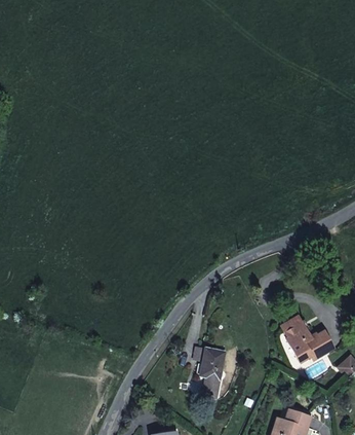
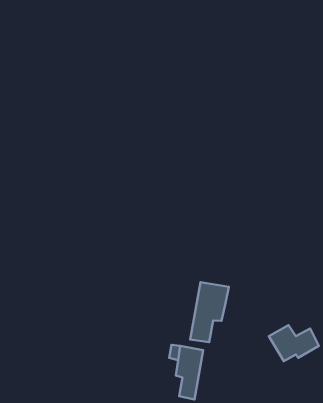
building: none -> [190,282,229,342]

